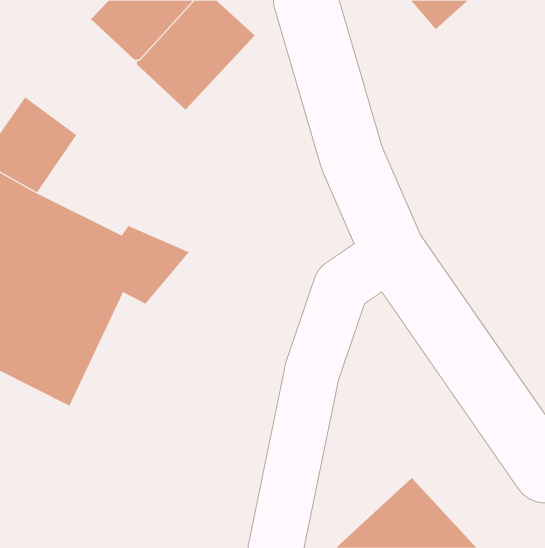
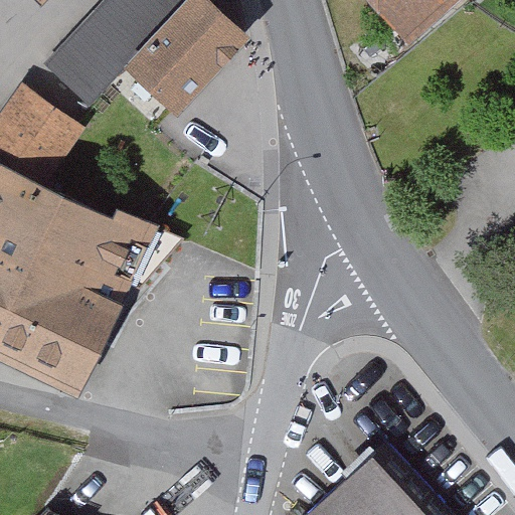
building: none -> [44,18,128,102]

